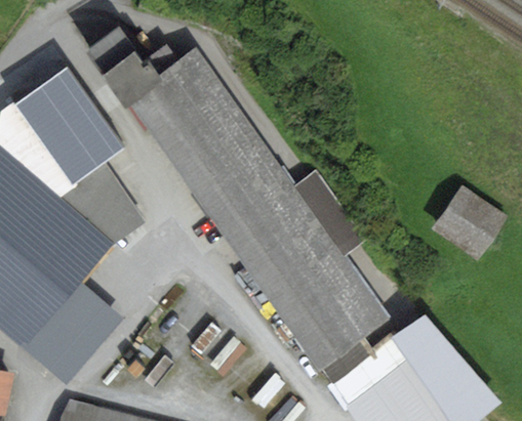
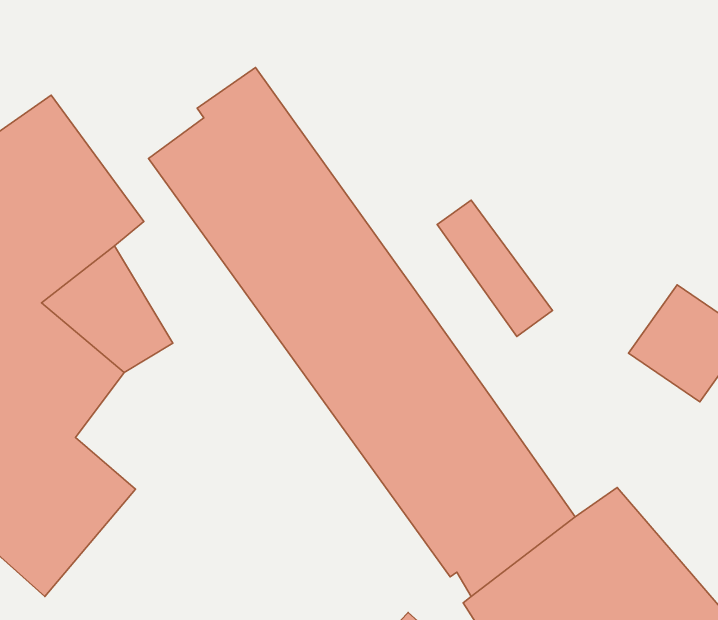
building: [84,27,163,108] -> none
building: [294,170,367,256] -> [437,200,552,336]

